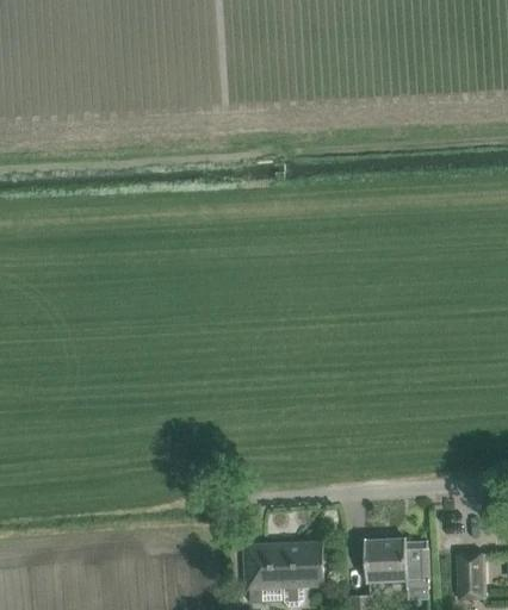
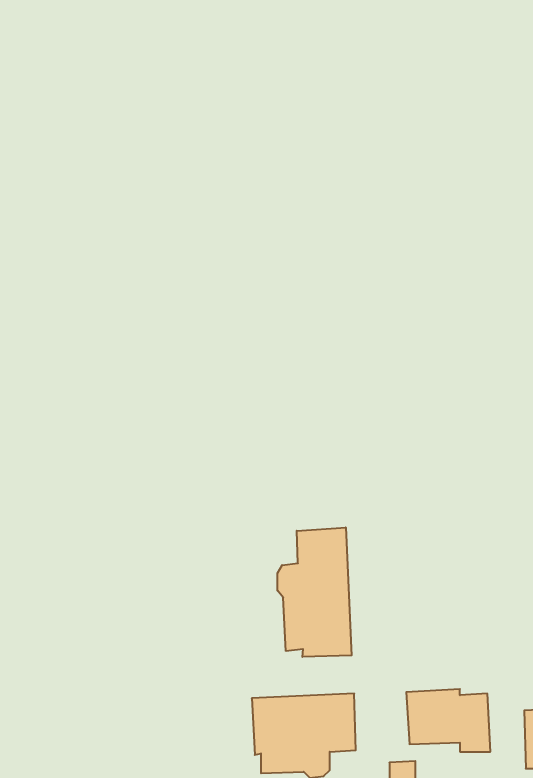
building: none -> [277,527,352,657]

